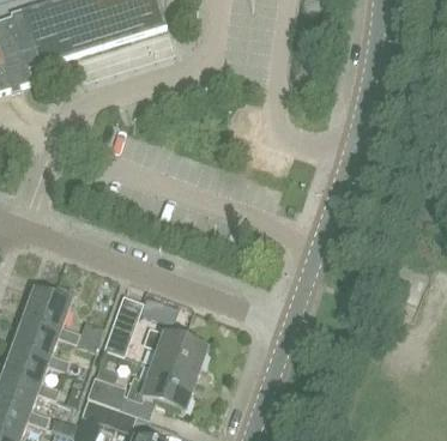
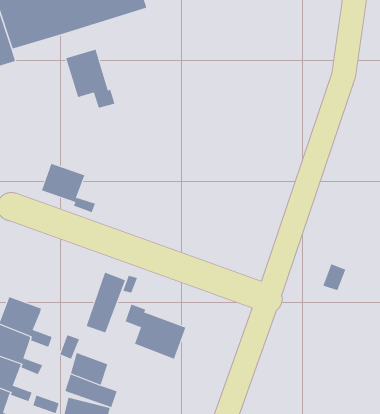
building: none -> [65,49,115,108]
building: [25,289,80,339] -> [41,163,96,213]
building: [126,364,193,410] -> none

